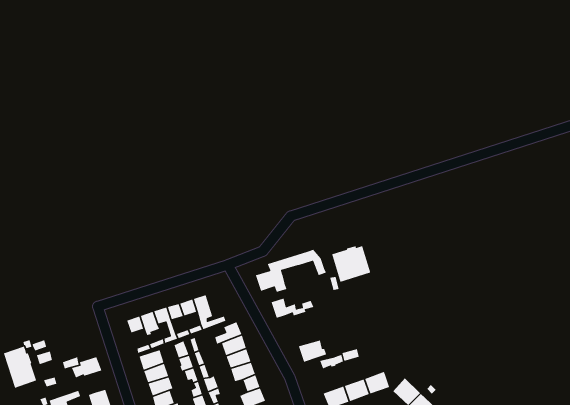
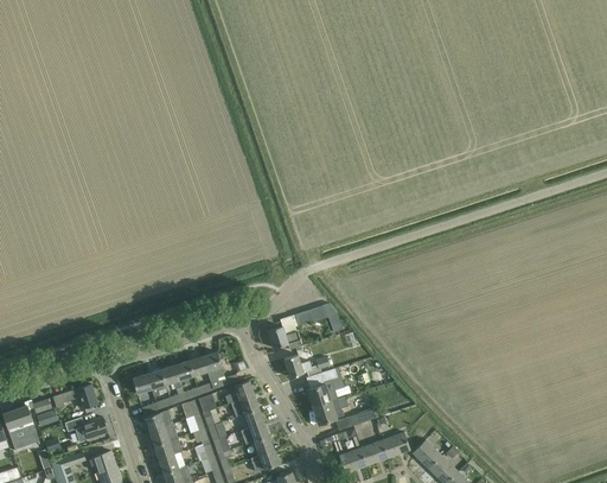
building: [331,245,371,283] -> none
building: none -> [307,369,338,406]
building: none -> [53,383,98,408]

